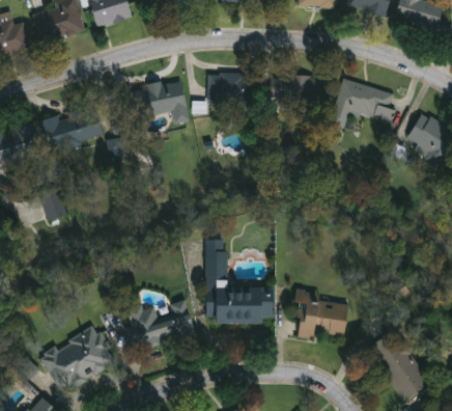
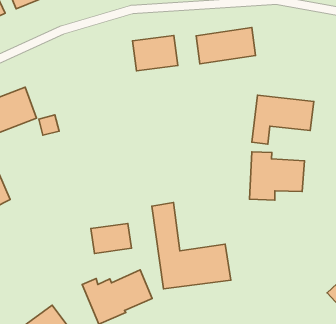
building: [131,78,189,124] -> none
building: [331,80,397,130] -> [252,95,314,144]
building: none -> [91,223,131,253]
building: [290,290,349,340] -> [250,152,304,200]

